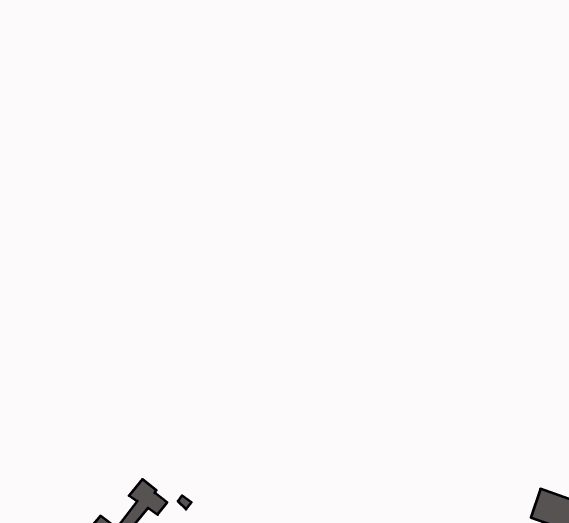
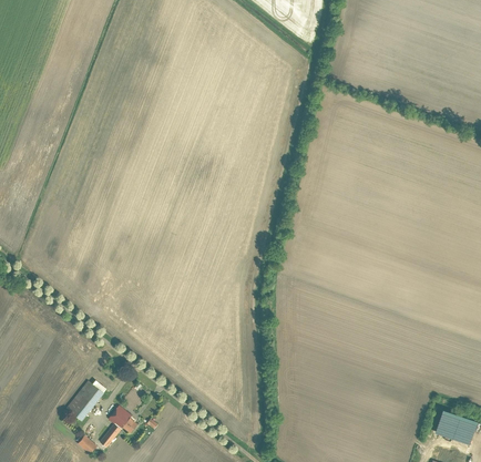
building: none -> [65,379,106,420]

